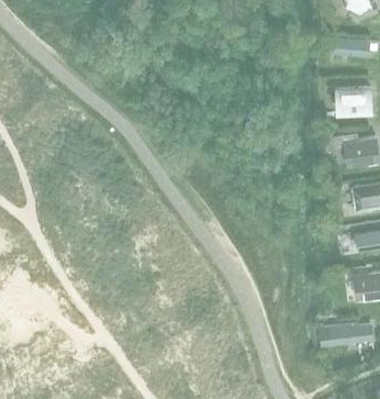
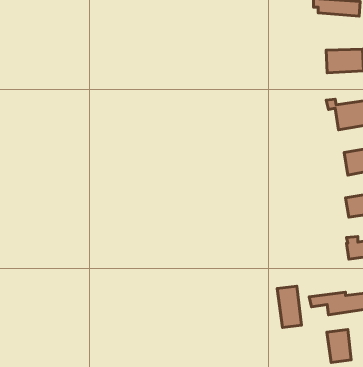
building: none -> [277,286,301,327]
building: none -> [327,330,351,362]

